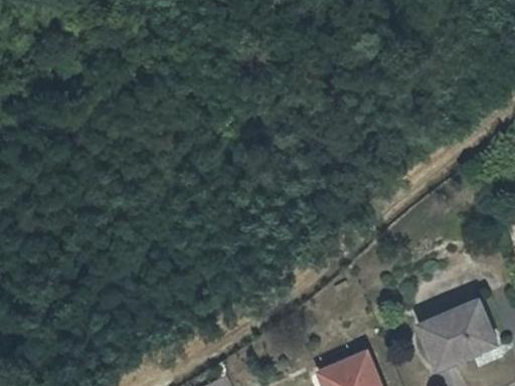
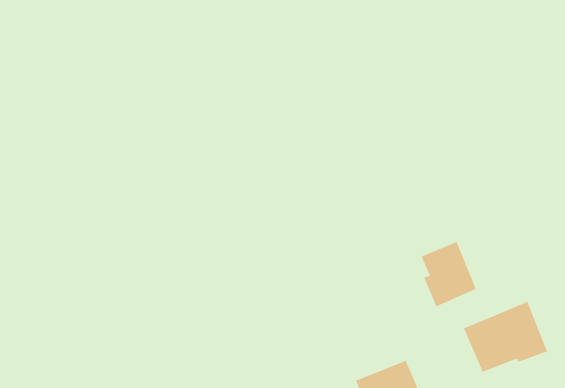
building: none -> [421,241,477,307]

